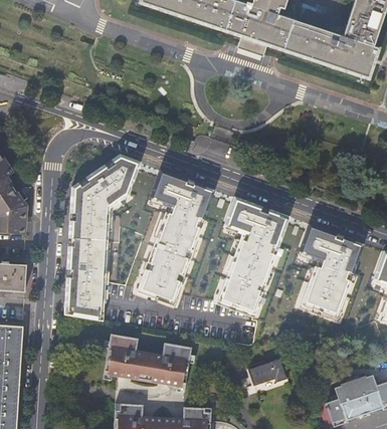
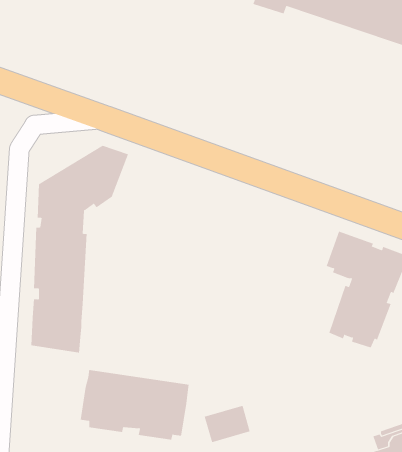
building: [137,169,215,303] -> none
building: [217,196,289,313] -> none
building: [249,357,286,387] -> [204,405,251,443]

